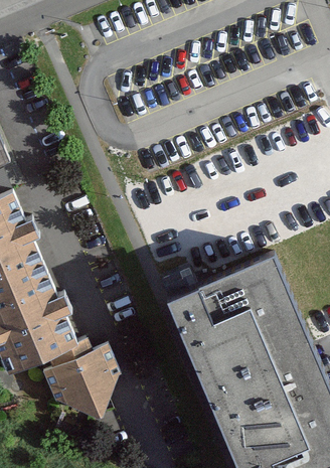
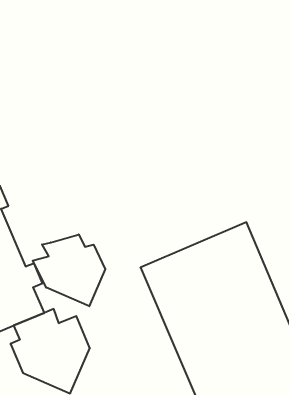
building: none -> [33,234,105,306]

